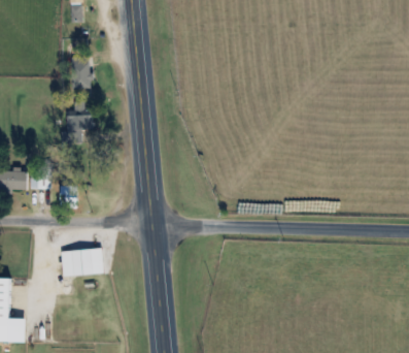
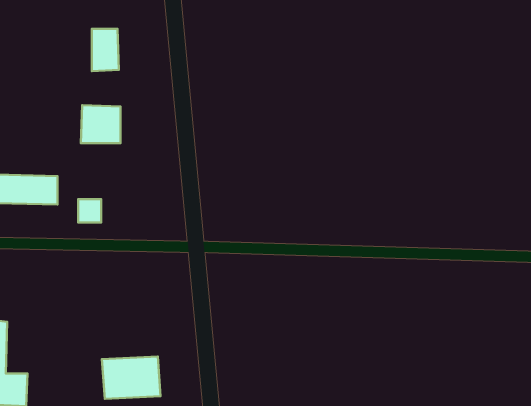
building: [61,247,105,279] -> [102,357,161,399]

